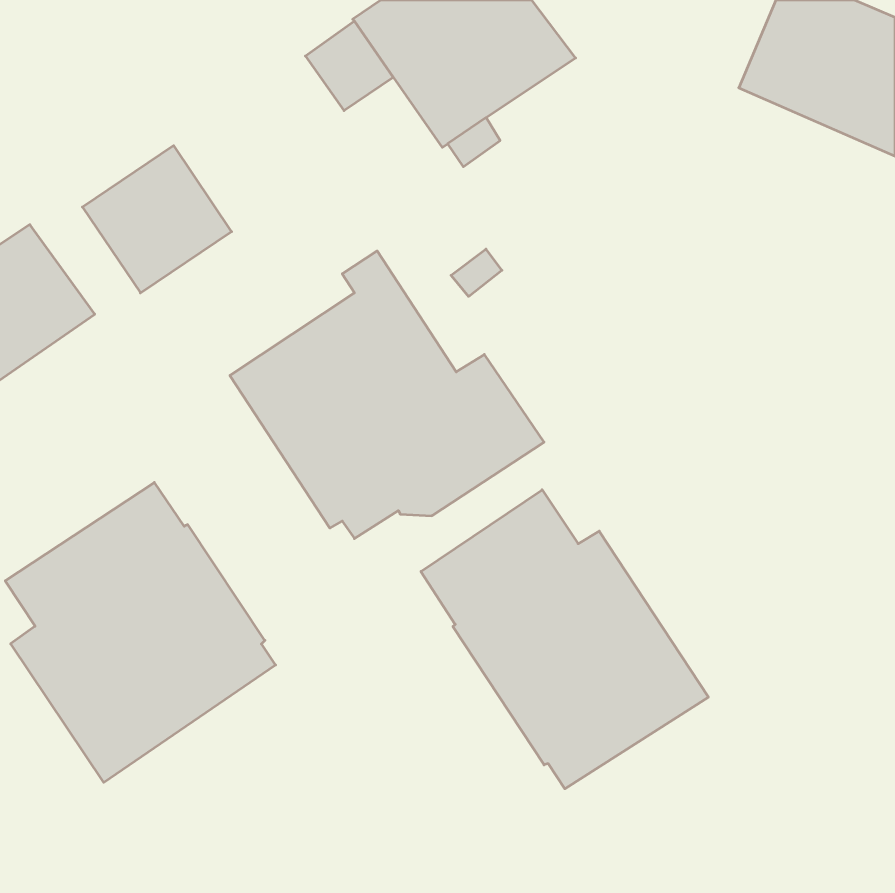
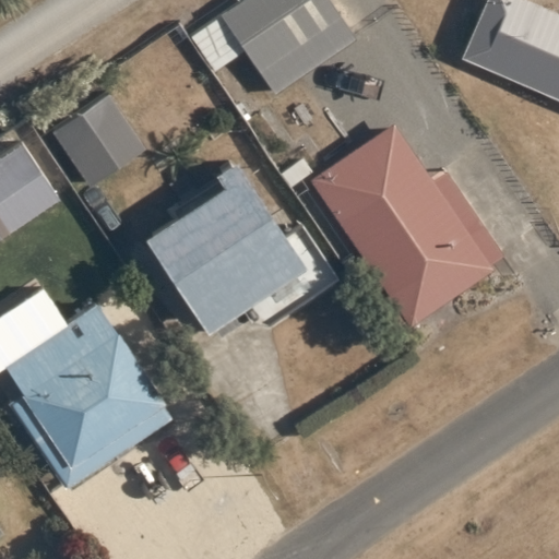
building: none -> [309,122,503,326]
building: [421,490,708,789] -> none

